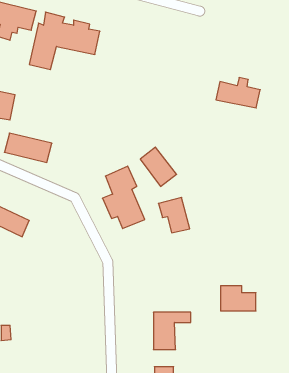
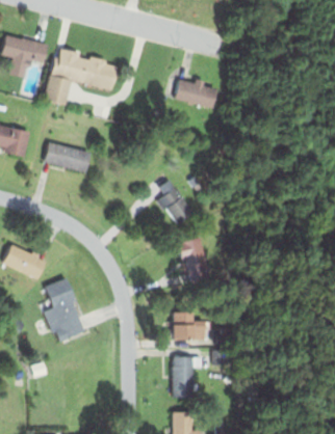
building: [216,78,260,108] -> [173,77,218,108]
building: [4,133,52,162] -> [43,142,92,172]
building: [102,166,145,229] -> [42,277,85,342]
building: [221,286,256,311] -> [173,314,209,340]

